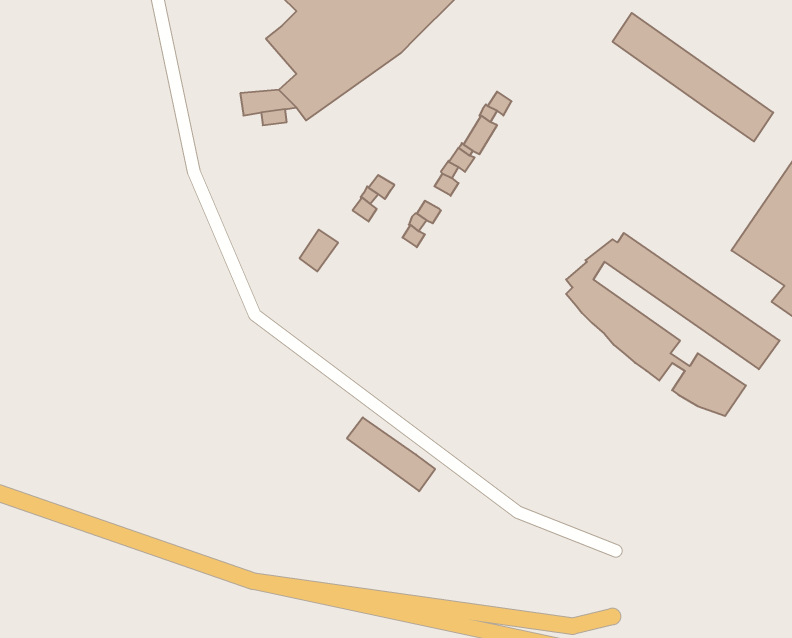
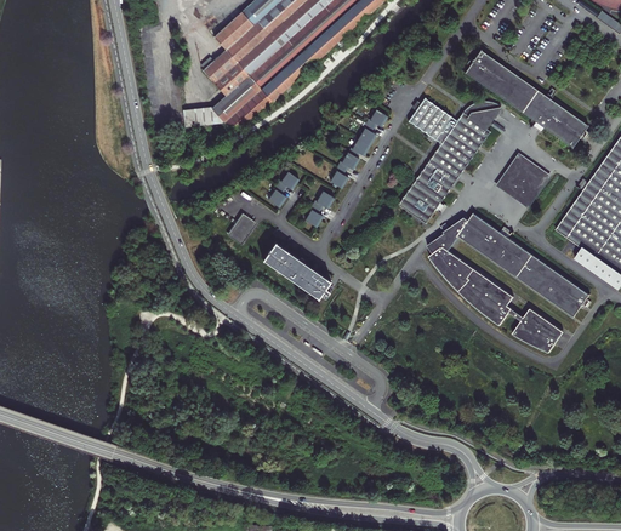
building: none -> [399,97,502,221]
building: none -> [494,152,548,206]
building: [347,417,435,491] -> [263,241,330,297]

